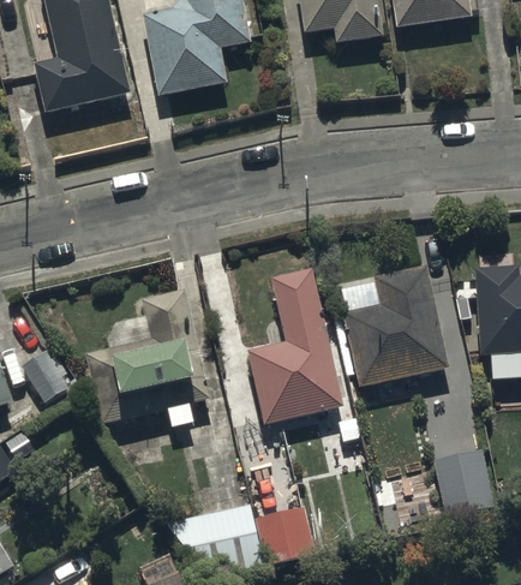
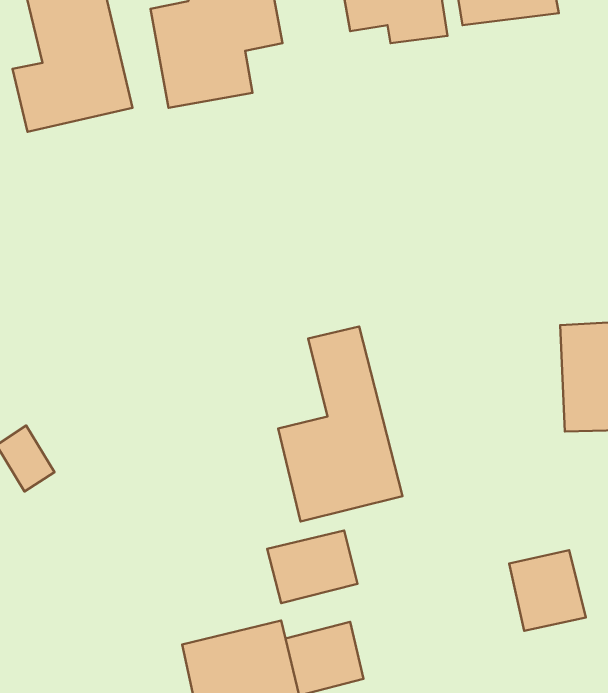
building: [345,265,448,387] -> none
building: [86,289,209,426] -> none
building: none -> [267,530,358,603]

